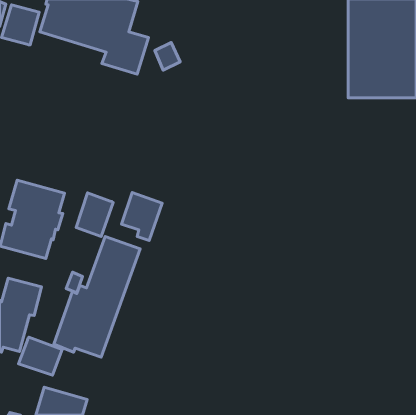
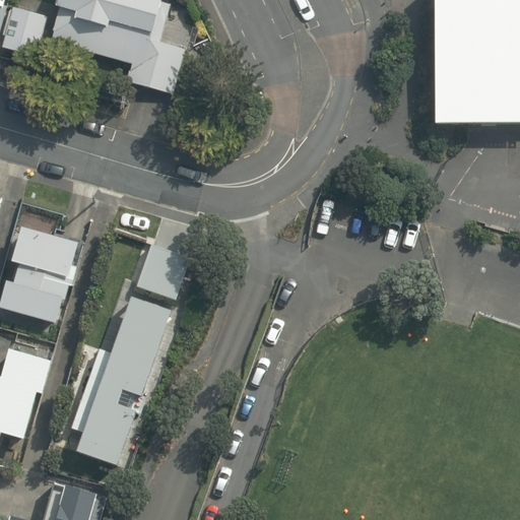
building: [76,193,113,236] -> none
building: [19,337,62,375] -> none

